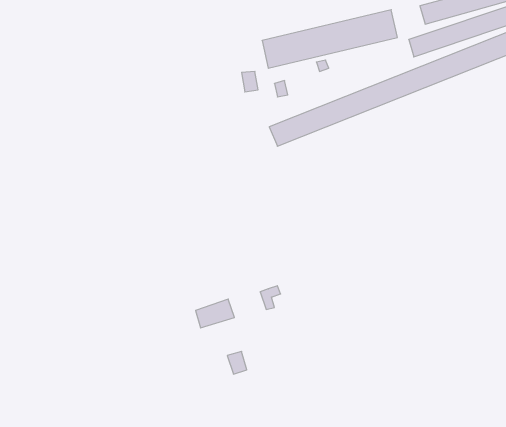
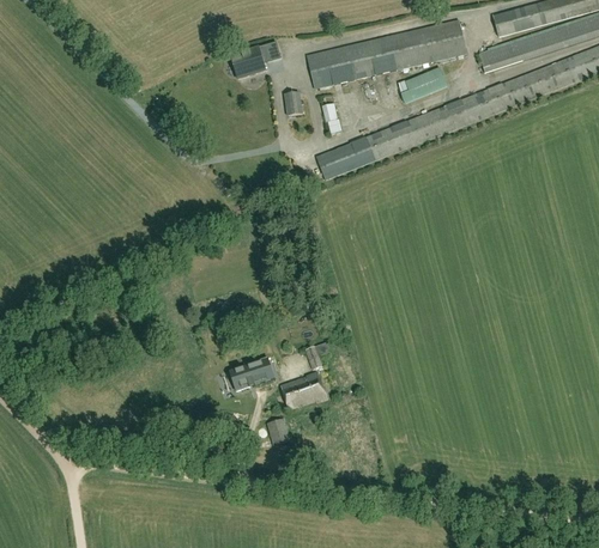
building: none -> [231,41,279,79]
building: none -> [401,66,448,104]
building: none -> [280,371,327,408]

